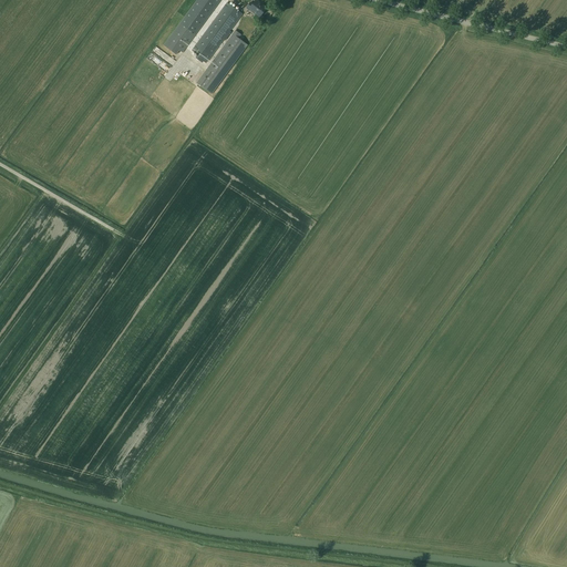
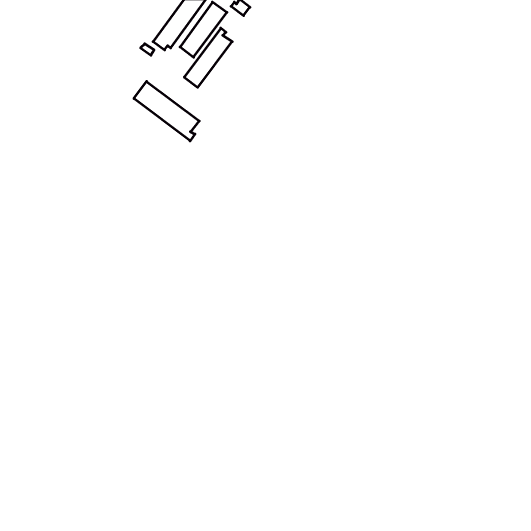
building: none -> [134,81,199,141]

